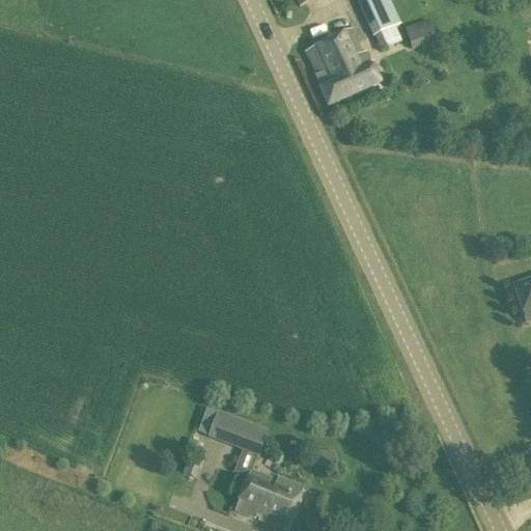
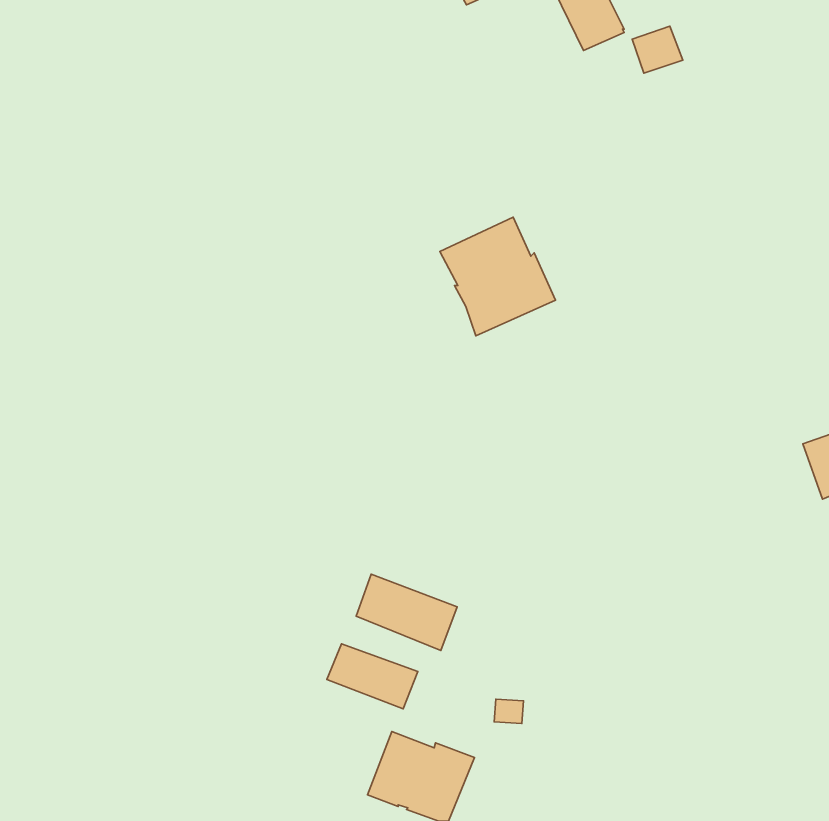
building: [305,27,379,103] -> [440,217,555,336]
building: none -> [356,574,457,650]

